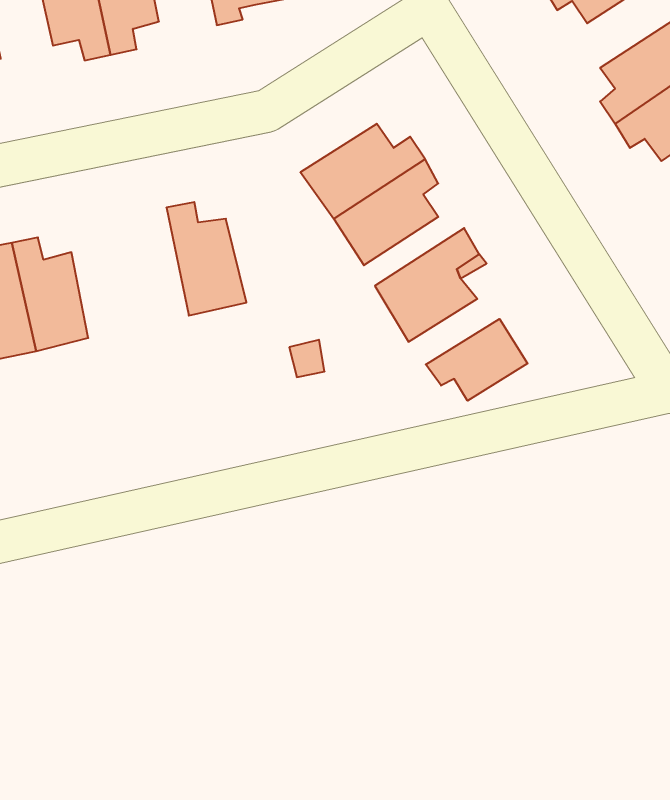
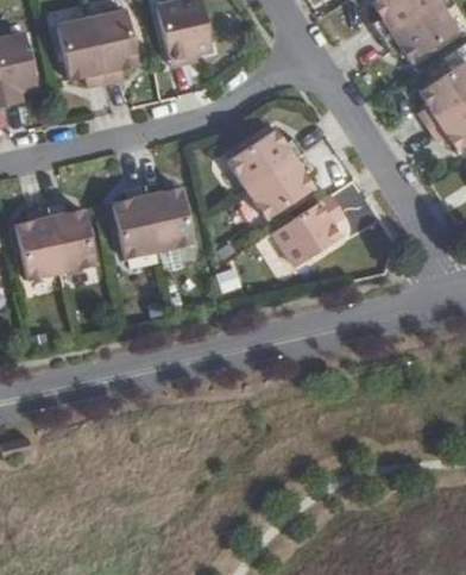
building: none -> [112,181,157,257]
building: [426,319,528,401] -> none

